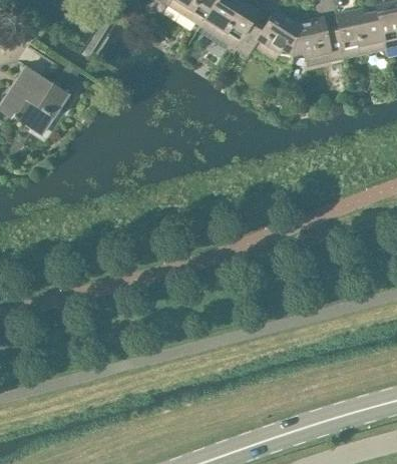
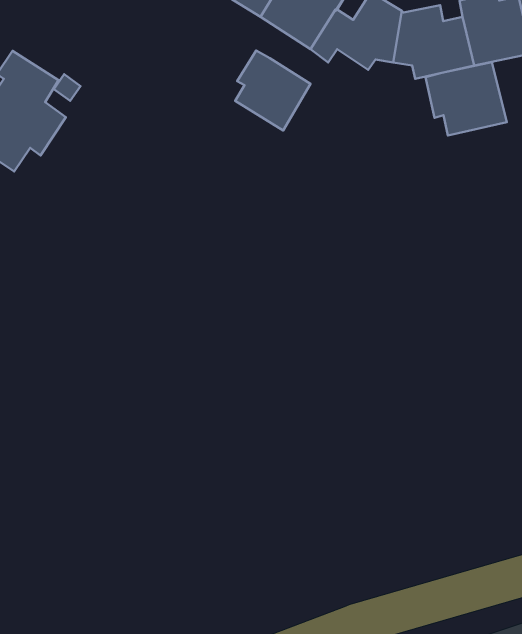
building: none -> [235,50,310,130]
building: none -> [425,62,507,135]

